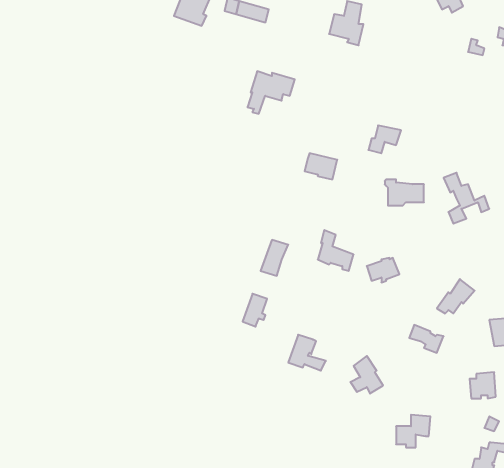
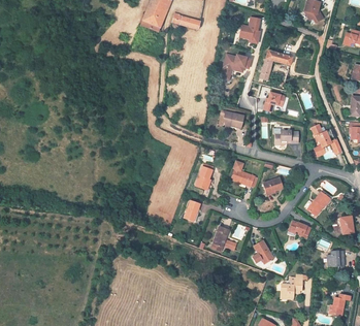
building: none -> [259,50,292,82]
building: [247,71,295,114] -> [221,53,251,79]

